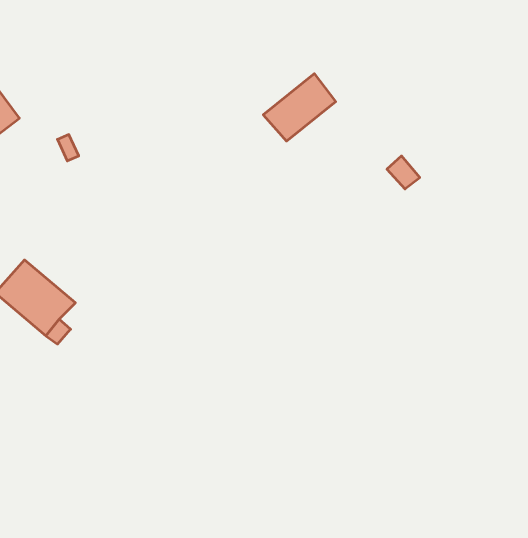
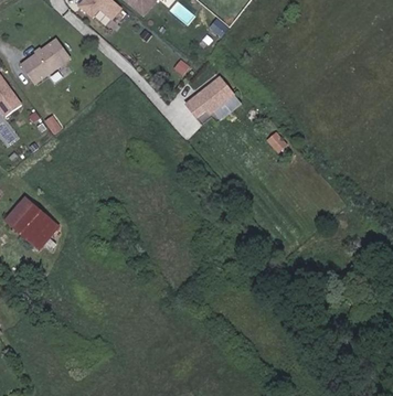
building: none -> [19,36,70,83]

